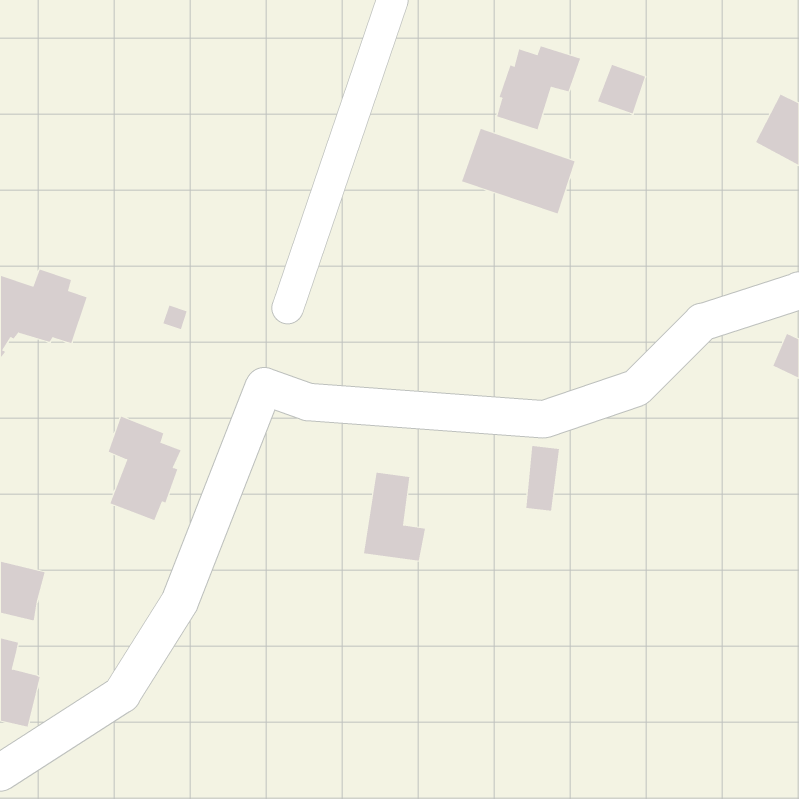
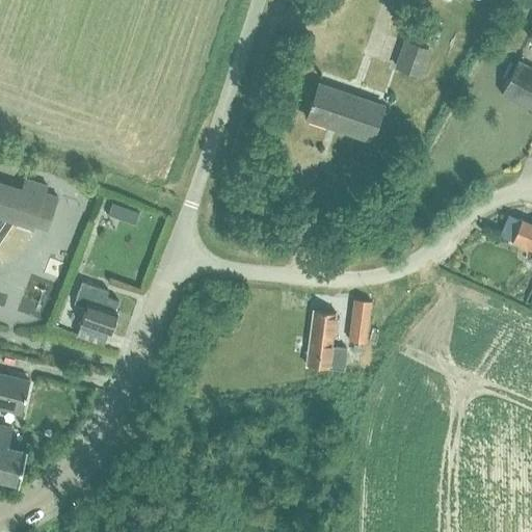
building: [496,46,581,130] -> none
building: [363,472,426,561] -> [304,311,346,370]

